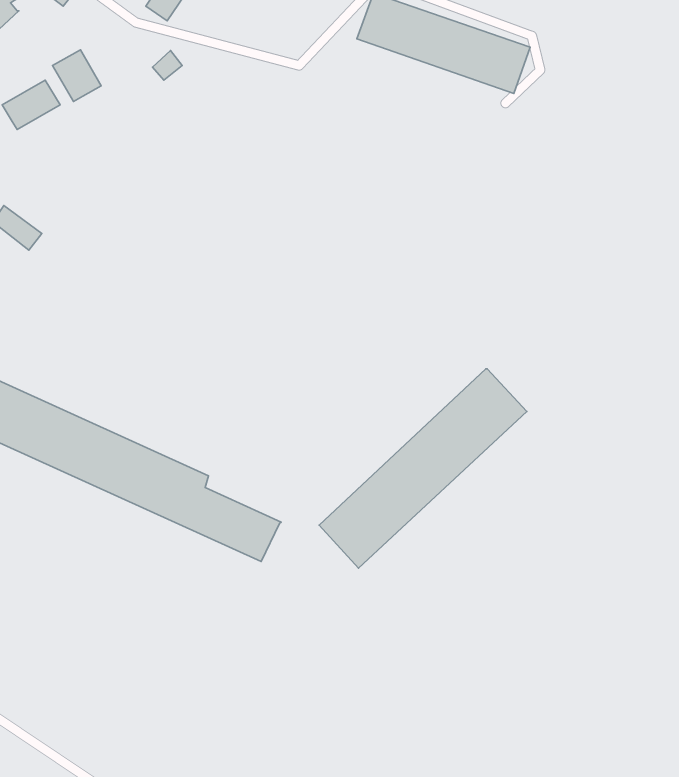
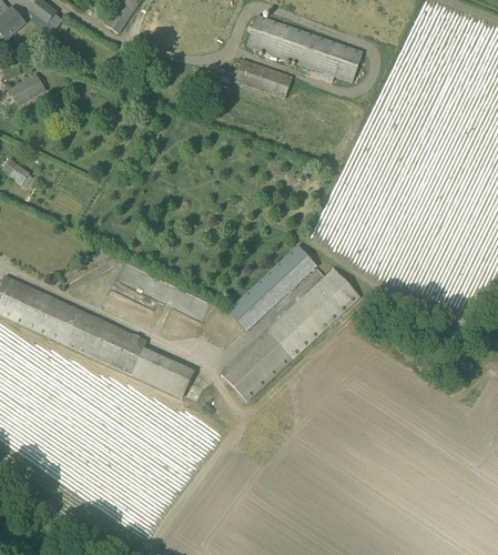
building: [53,50,101,101] -> none
building: none -> [234,58,293,98]
building: none -> [227,244,318,331]

